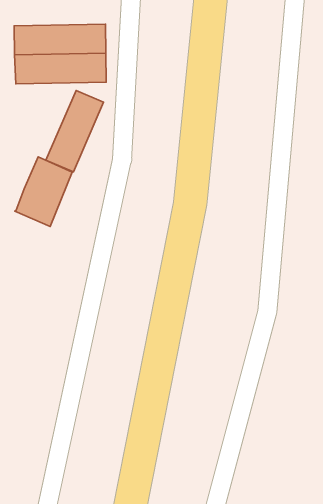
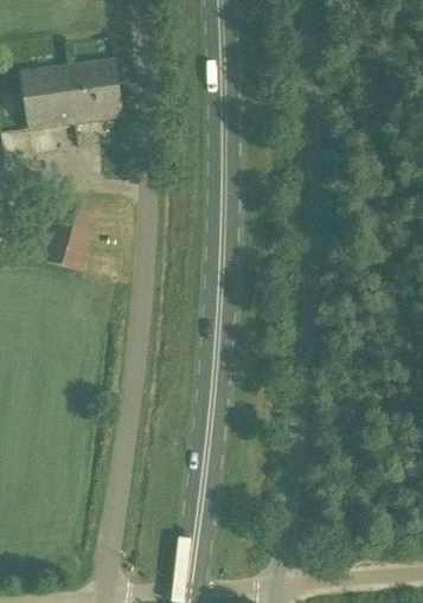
building: [46,91,104,172] -> none

